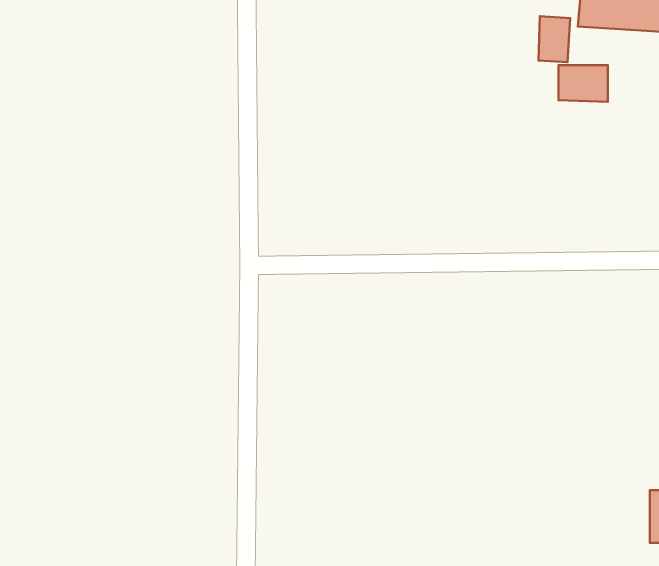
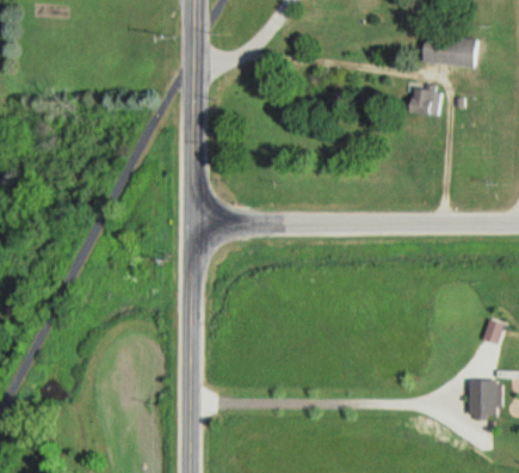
building: [539,16,570,62] -> none

